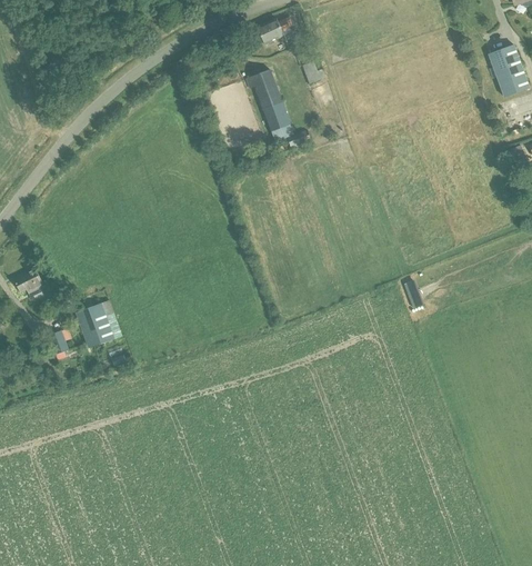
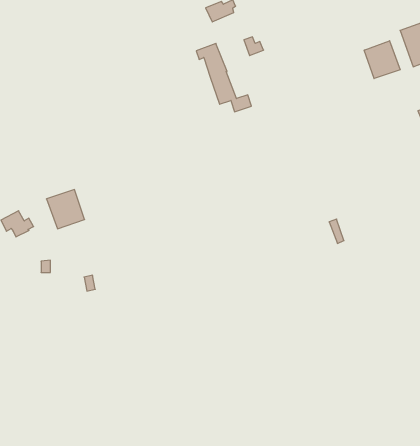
building: none -> [364,41,400,79]
building: [76,300,121,347] -> [46,190,85,229]

